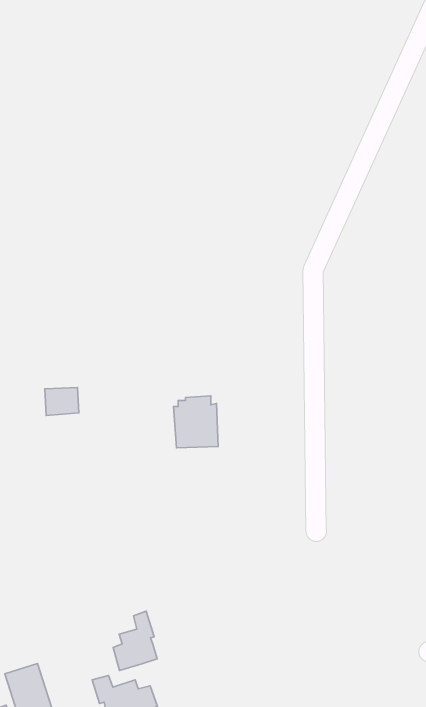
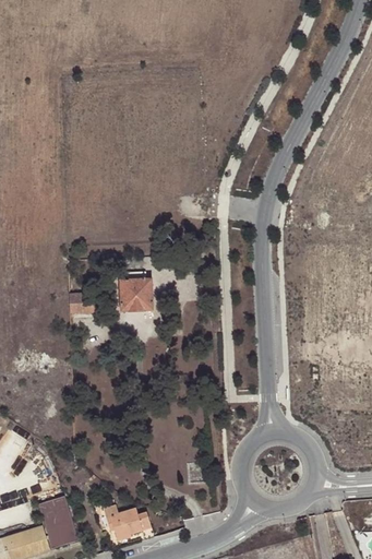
building: [174,396,218,448] -> [119,273,152,311]
building: [113,611,157,671] -> none

